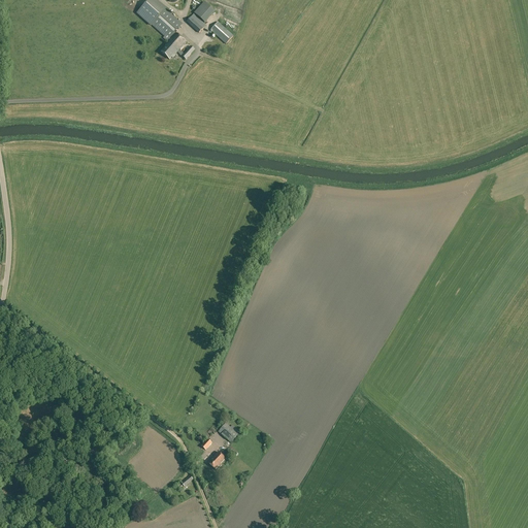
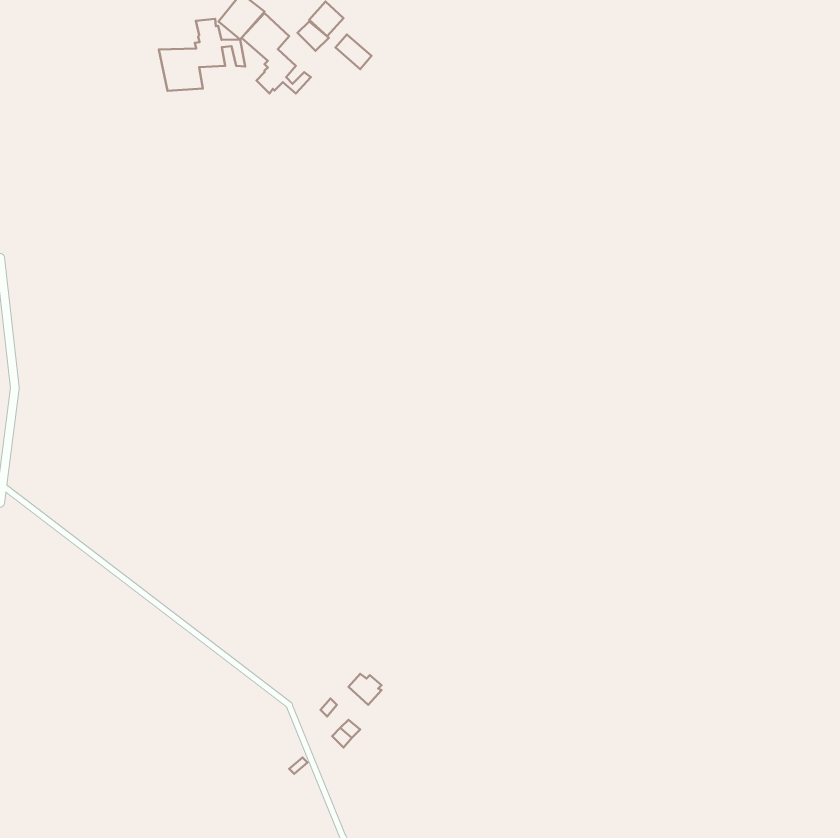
building: none -> [159,19,245,91]

